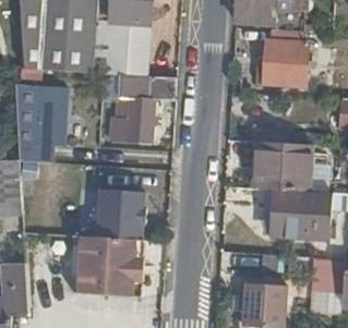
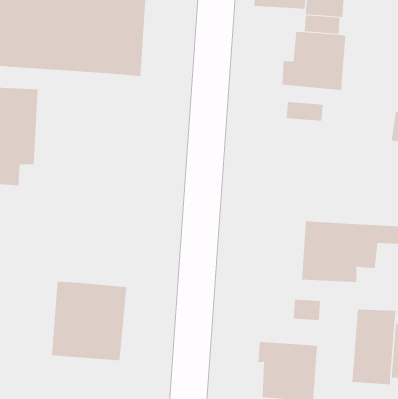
building: [109,74,176,144] -> none
building: [252,141,312,191] -> none
building: [97,190,146,241] -> none

